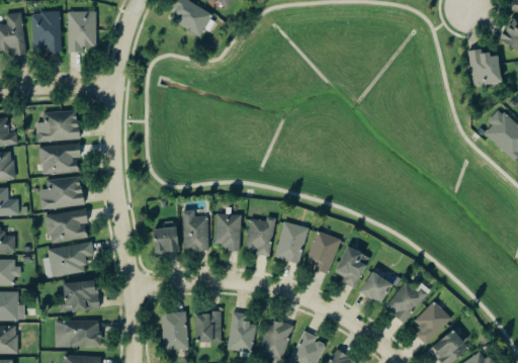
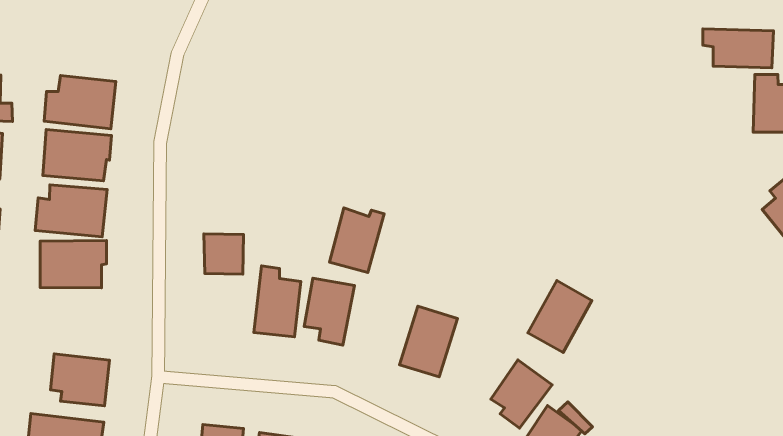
building: none -> [703,29,773,68]
building: [246,216,275,255] -> [329,208,384,273]
building: [153,226,180,254] -> [204,234,244,274]
building: [305,231,341,274] -> [528,281,592,353]
building: [44,242,94,276] -> none

